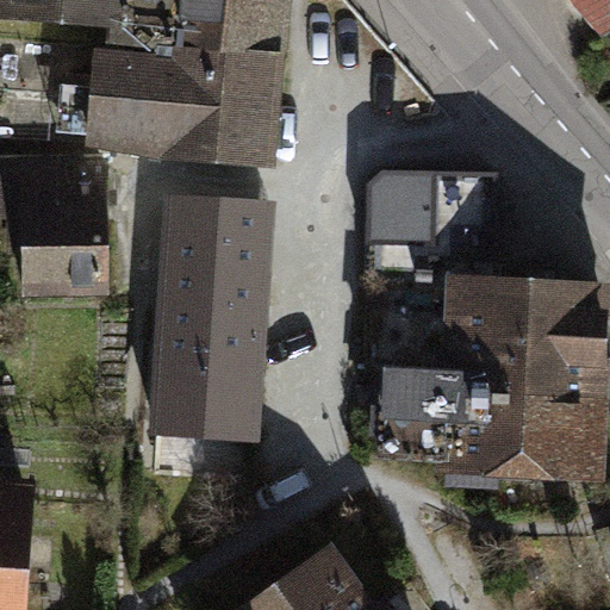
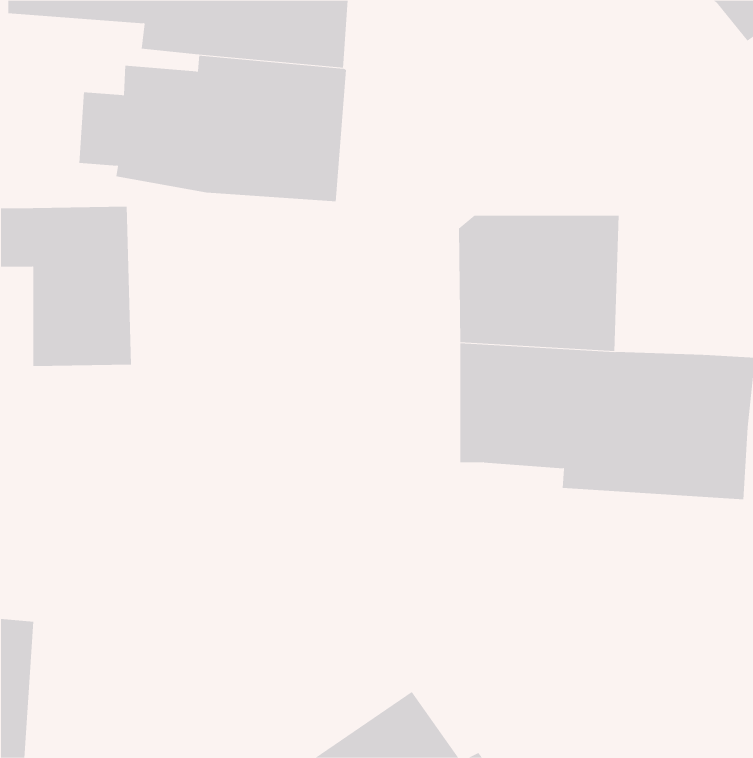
building: [160,198,272,442] -> none
building: [387,372,602,468] -> none

